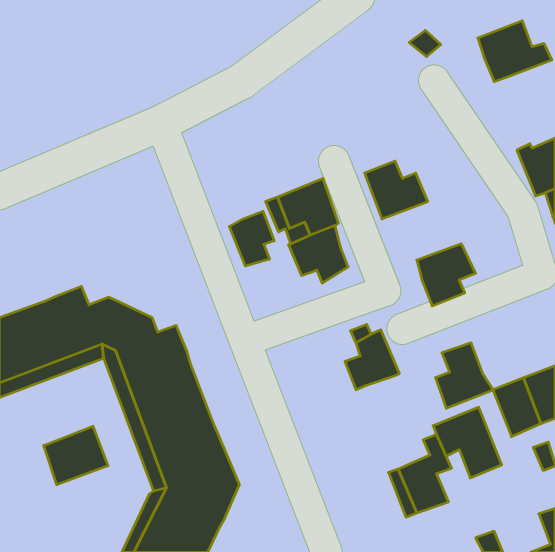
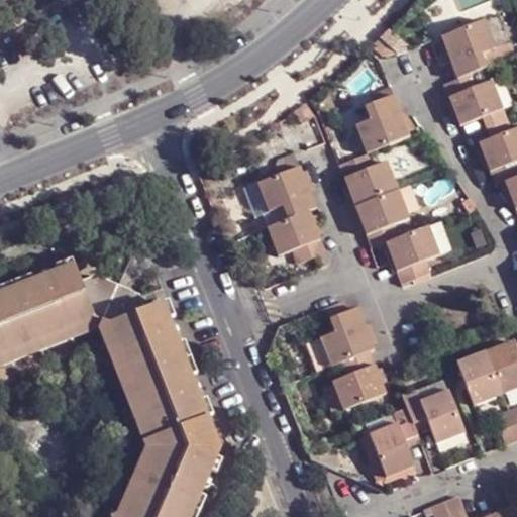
building: none -> [445,71,504,120]
building: none -> [356,96,410,149]
building: none -> [354,187,410,242]
building: [229,211,274,266] -> none
building: [435,343,493,408] -> [333,348,387,409]
building: [44,426,108,485] -> none

